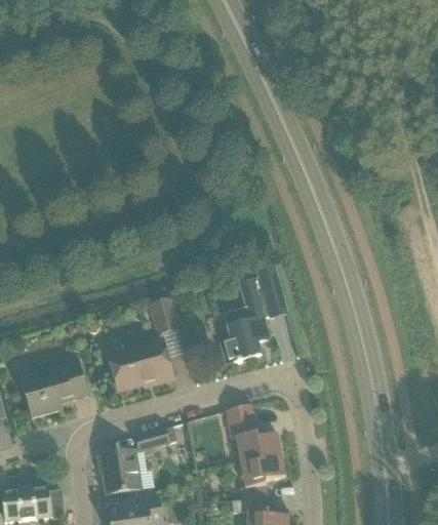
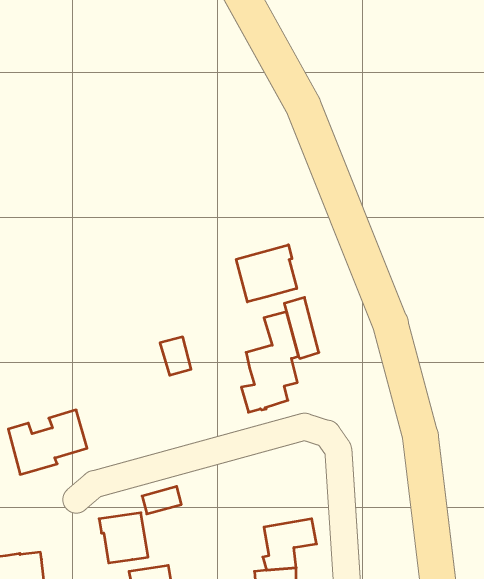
building: none -> [236,245,297,302]
building: [109,340,172,390] -> none
building: [226,404,281,462] -> none

